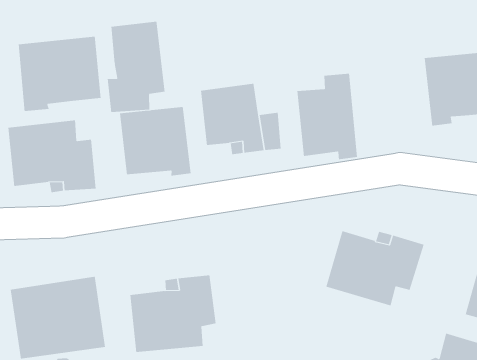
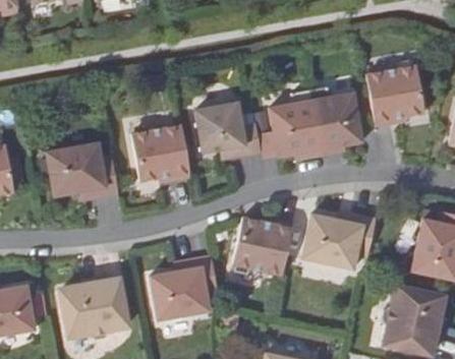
building: [107,21,165,113] -> none
building: [18,36,101,112] -> none
building: none -> [310,87,362,157]
building: none -> [232,218,293,277]

